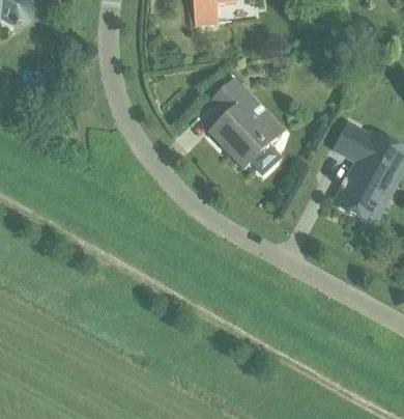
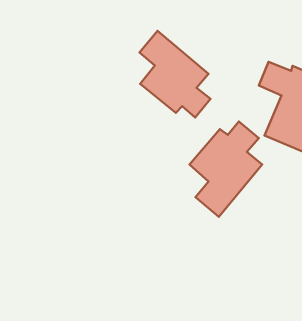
building: none -> [189,121,262,217]

